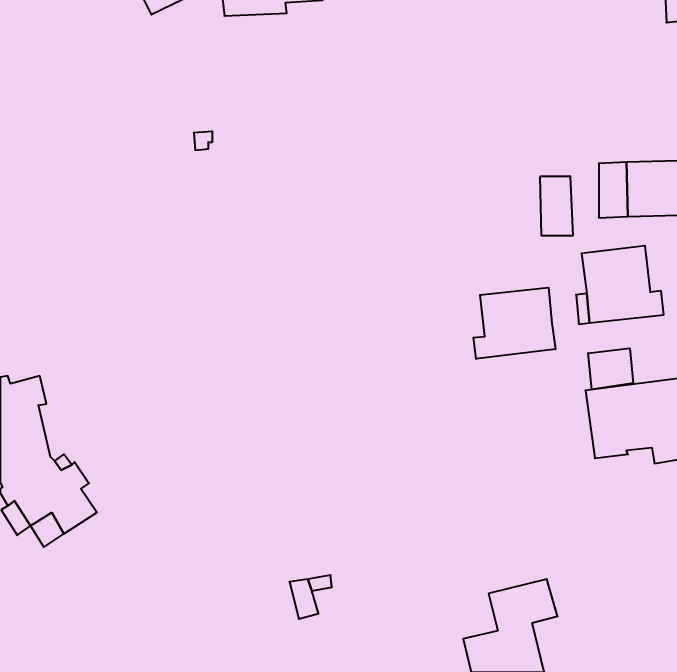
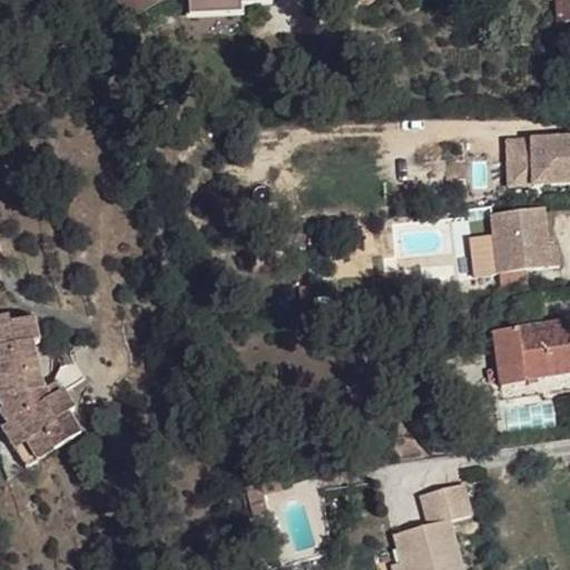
building: [540,176,573,236] -> none
building: [473,288,556,359] -> none
building: [588,348,633,390] -> none

